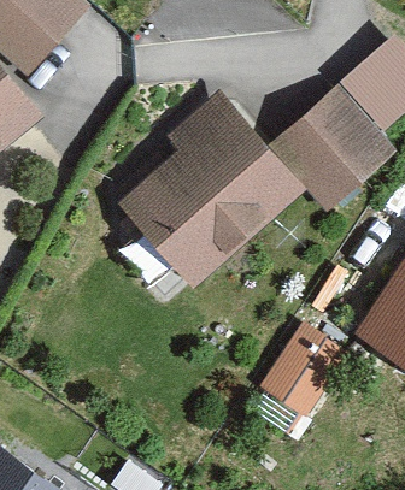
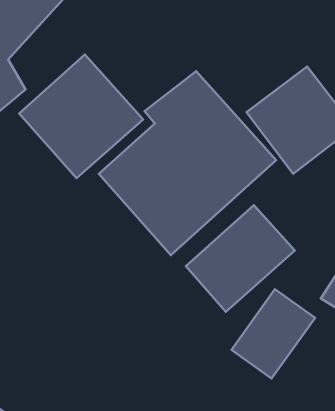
building: none -> [19,54,143,178]
building: none -> [186,205,295,312]

